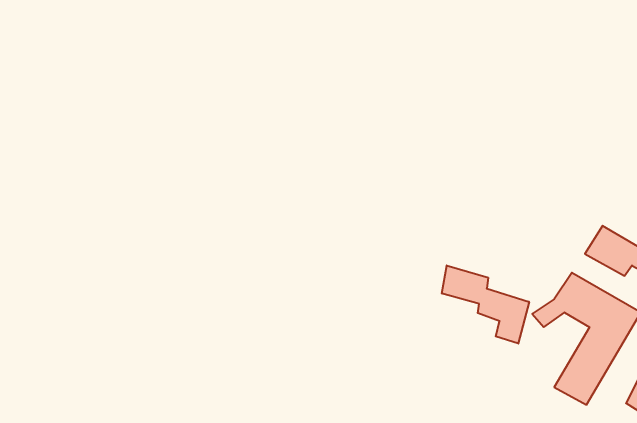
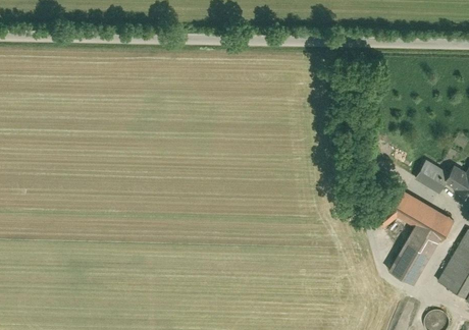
building: [442,265,529,344] -> none

